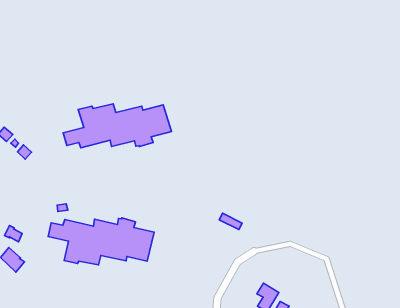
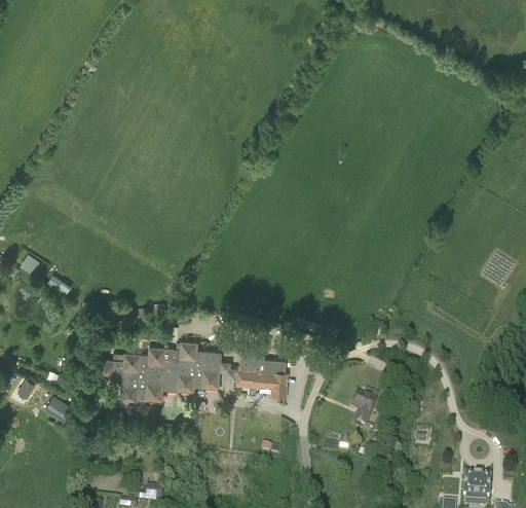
building: [63,104,172,148] -> none
building: none -> [236,347,288,398]

